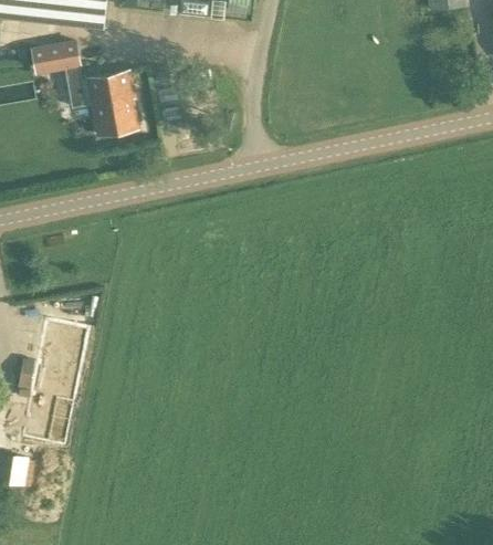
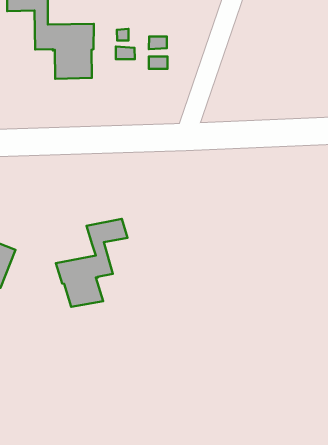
building: none -> [56,219,128,307]

